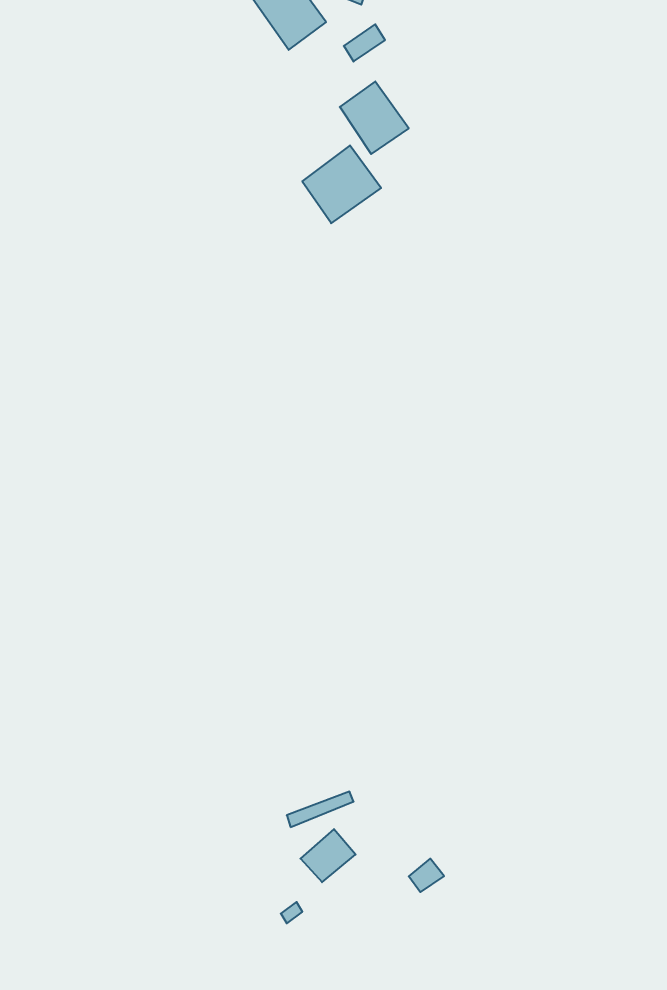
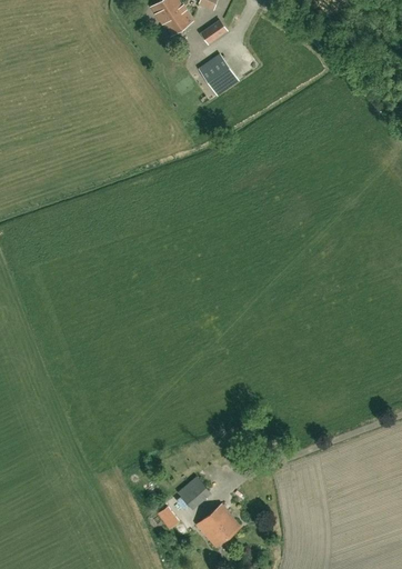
building: [302,145,381,223] -> none
building: none -> [197,503,240,547]

